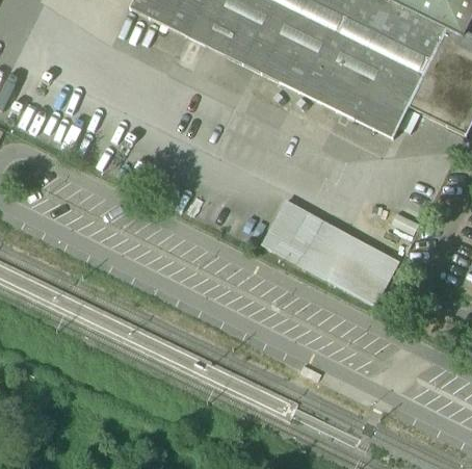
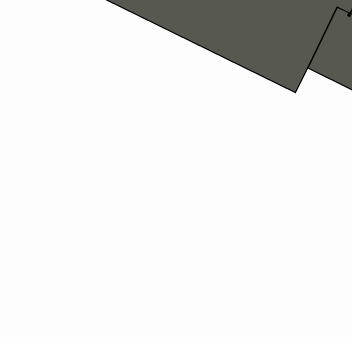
building: [259,197,400,303] -> none

